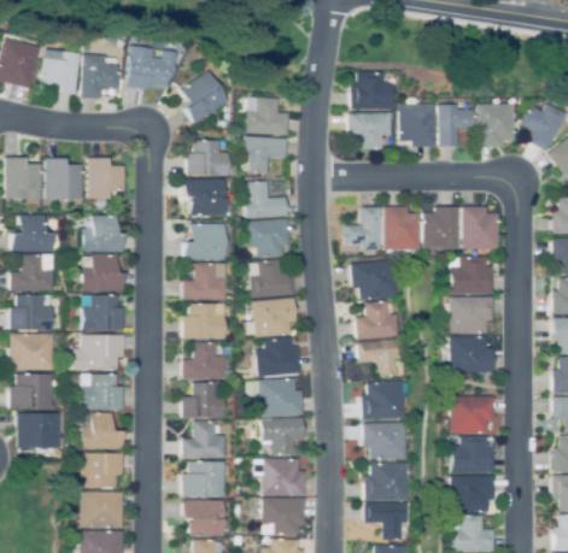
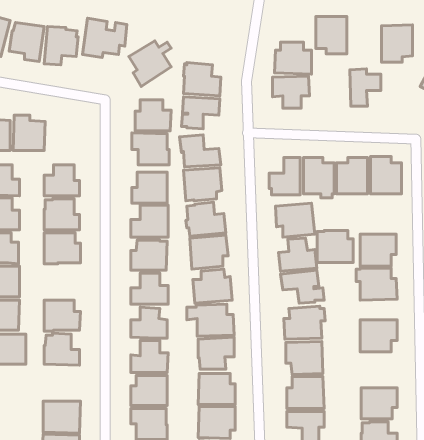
building: [400,104,437,147] -> [316,17,347,54]
building: [479,104,515,147] -> [381,25,412,62]
building: [89,158,125,199] -> none
building: [451,257,493,294] -> [317,230,353,262]
building: [74,335,124,370] -> none
building: [452,436,494,472] -> none
building: [81,453,123,488] -> none

